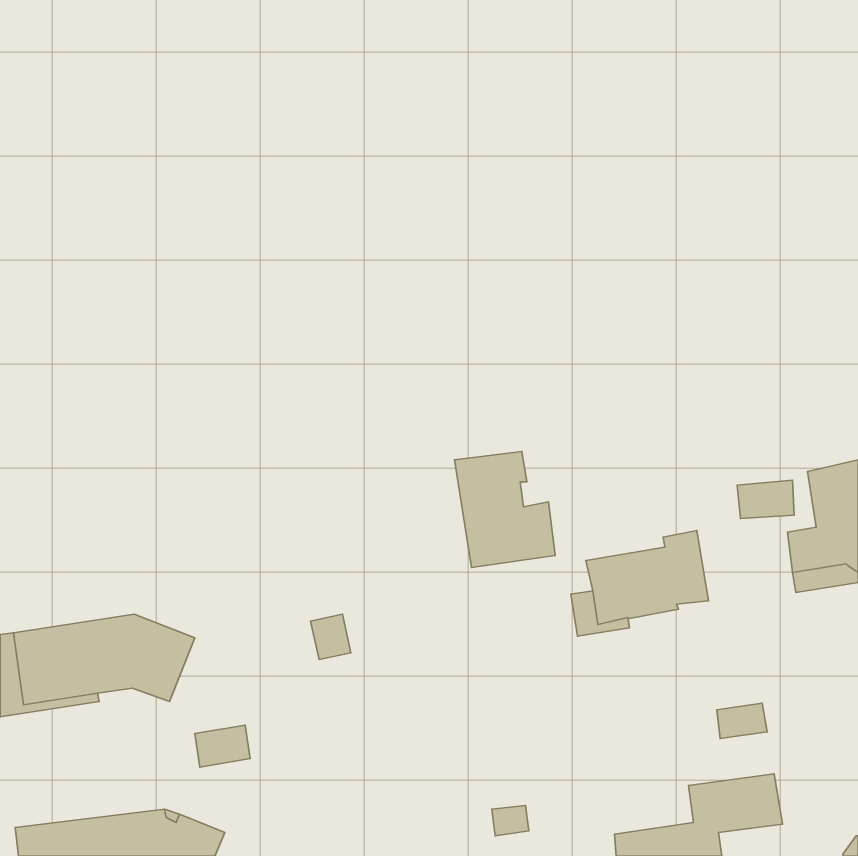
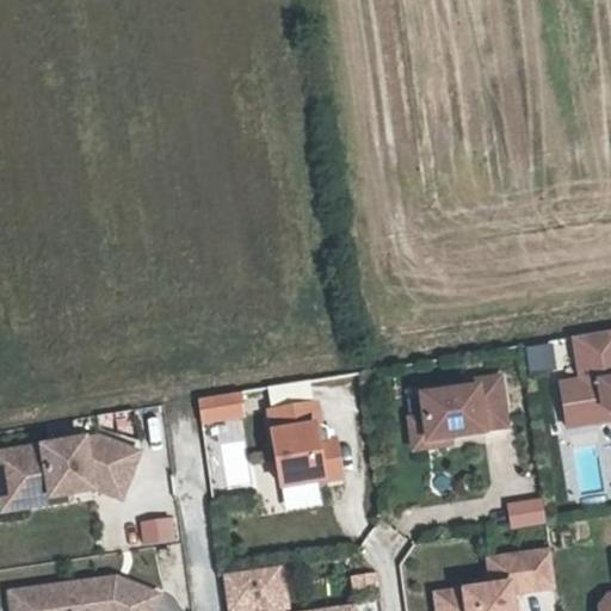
building: [455,452,555,567] -> [266,408,338,490]
building: none -> [196,393,242,422]
building: none -> [222,569,279,601]

